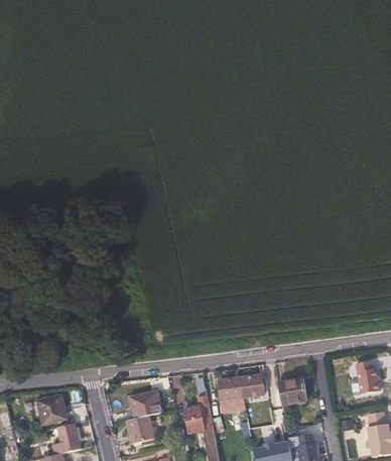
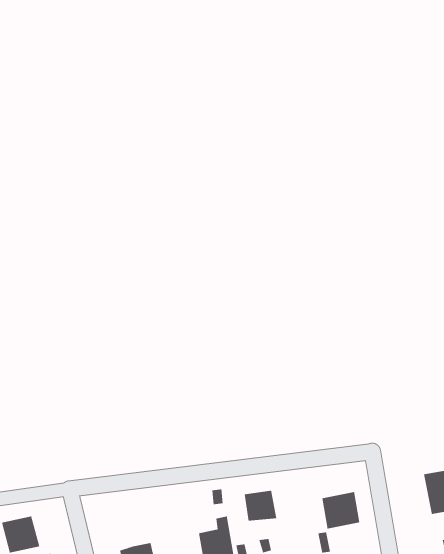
building: [240,374,263,397] -> none
building: [129,390,161,419] -> none

